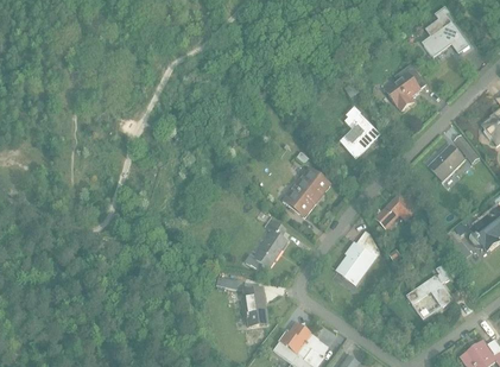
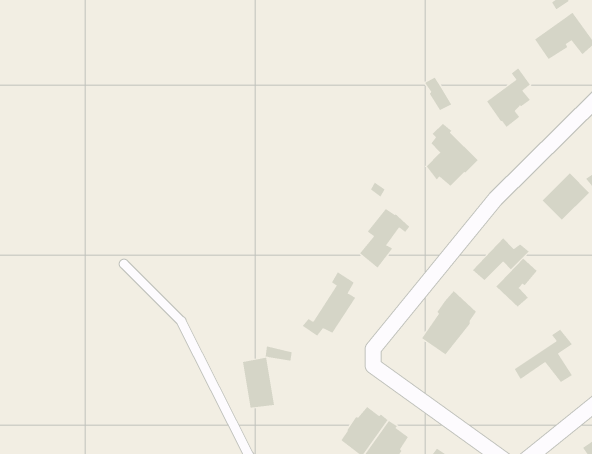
building: none -> [496,258,537,308]
building: [242,286,267,325] -> [242,357,275,408]

